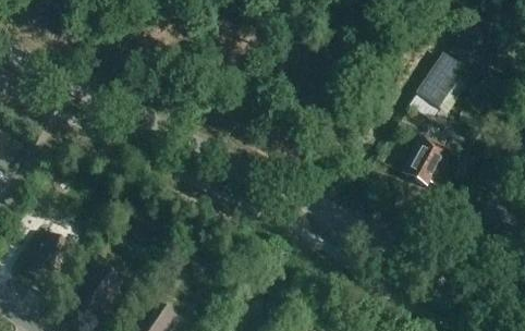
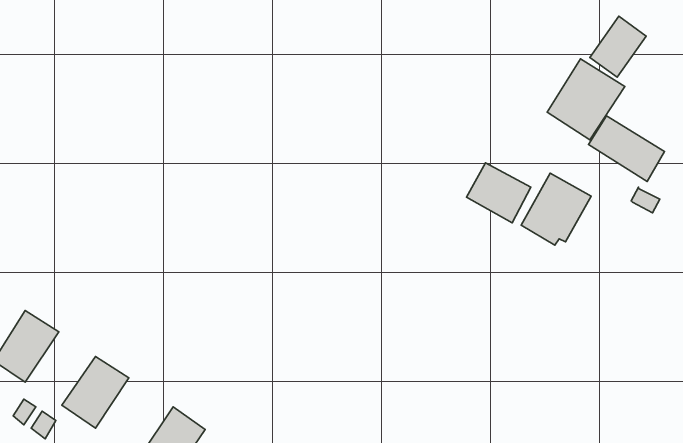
building: none -> [589,116,664,182]
building: none -> [467,163,531,223]

